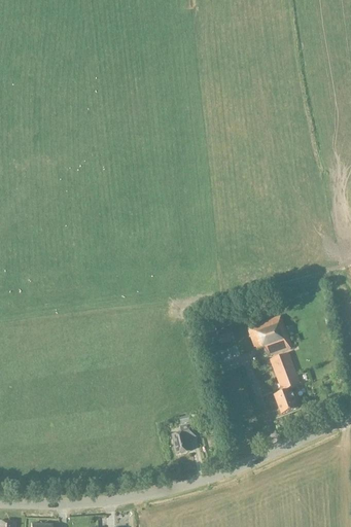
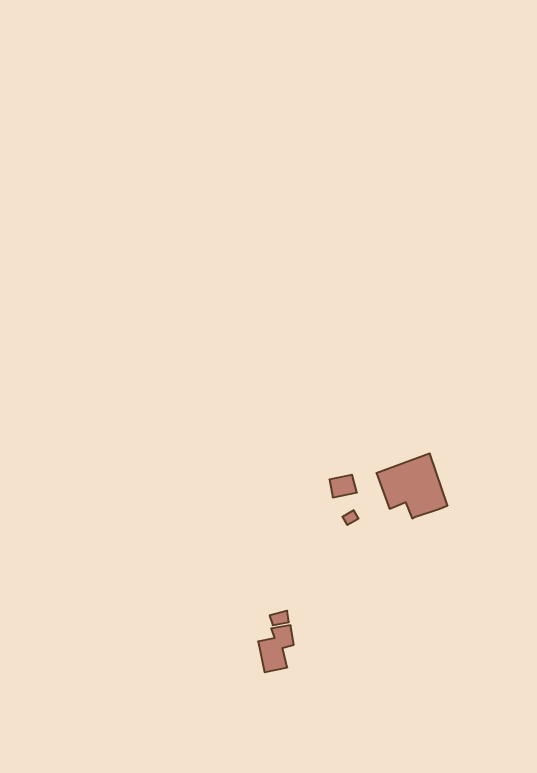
building: [271,352,302,413] -> none

